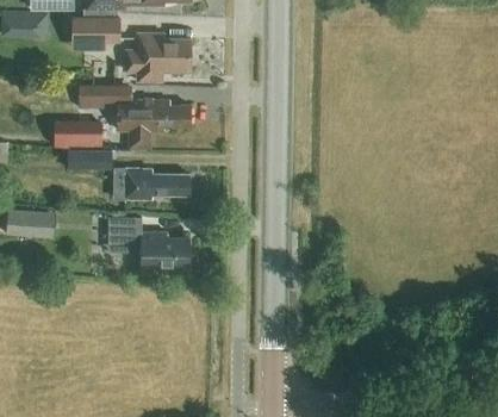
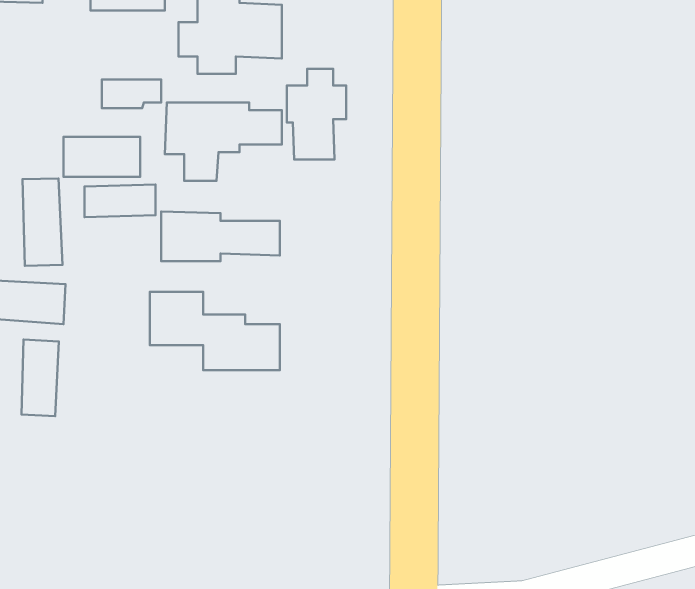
building: none -> [287,69,346,159]
building: none -> [22,178,63,266]
building: none -> [22,340,59,416]

